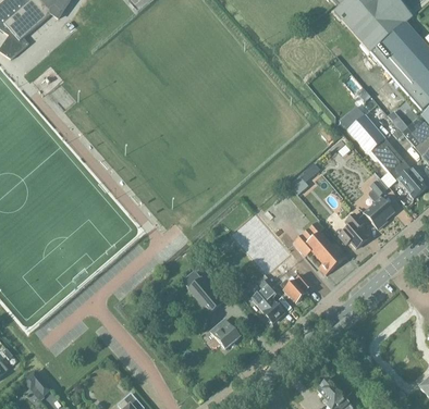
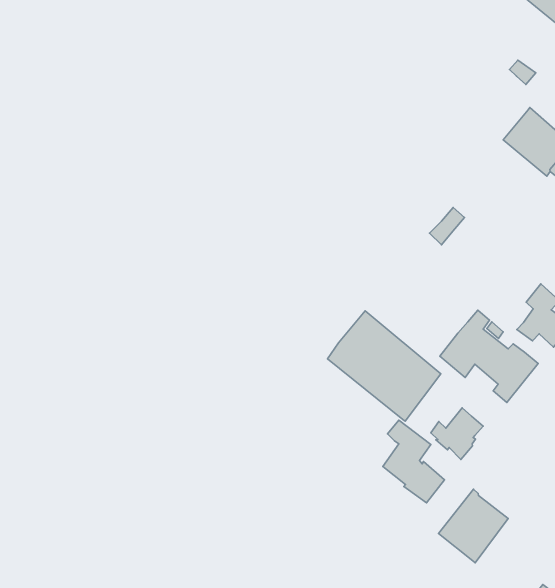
building: [182,270,222,313] -> none
building: [208,318,240,349] -> none
building: none -> [438,489,508,563]

